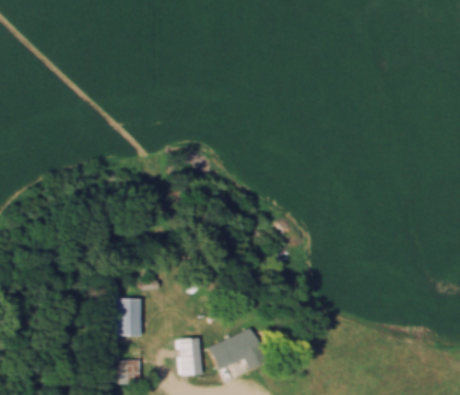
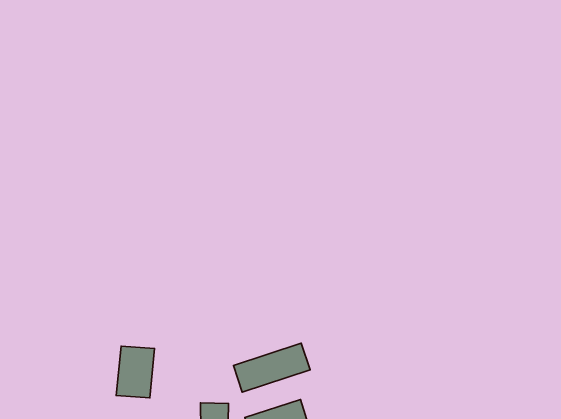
building: none -> [233,343,310,392]

